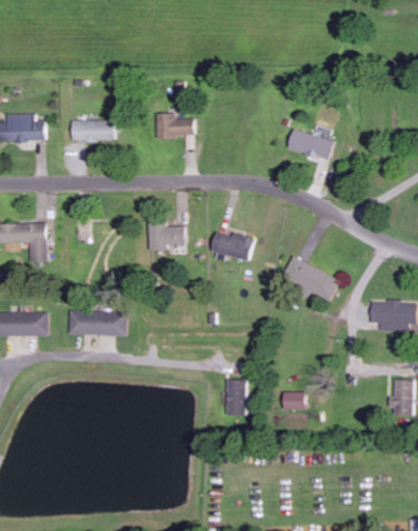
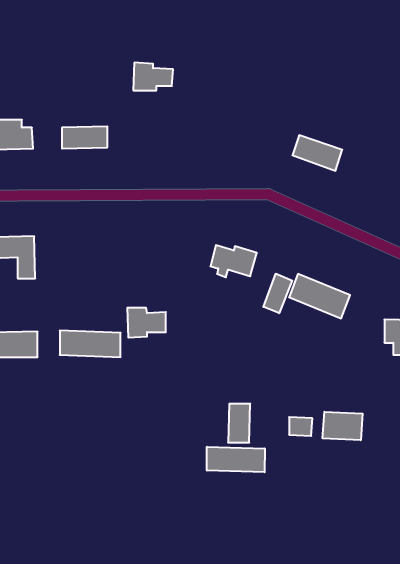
building: [156,113,193,139] -> [133,63,173,90]
building: [147,222,184,250] -> [127,308,166,338]
building: none -> [263,274,292,313]
building: none -> [323,412,363,440]
building: none -> [207,447,265,472]

